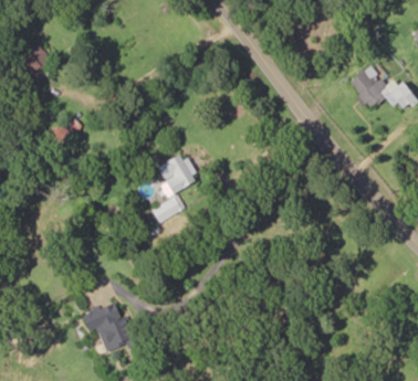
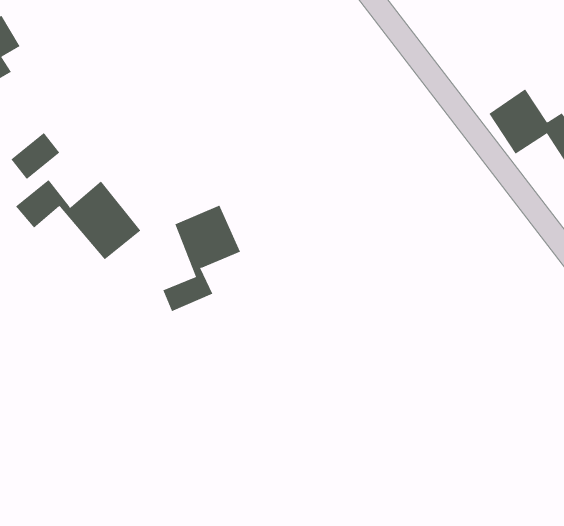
building: none -> [15,179,141,260]
building: [83,300,133,352] -> none

